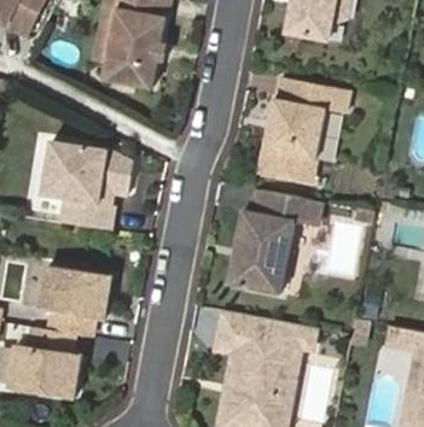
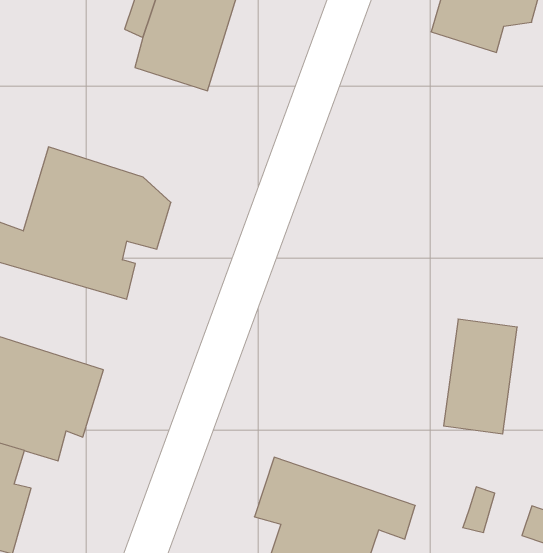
building: [260,77,348,181] -> none
building: [230,189,321,294] -> none

